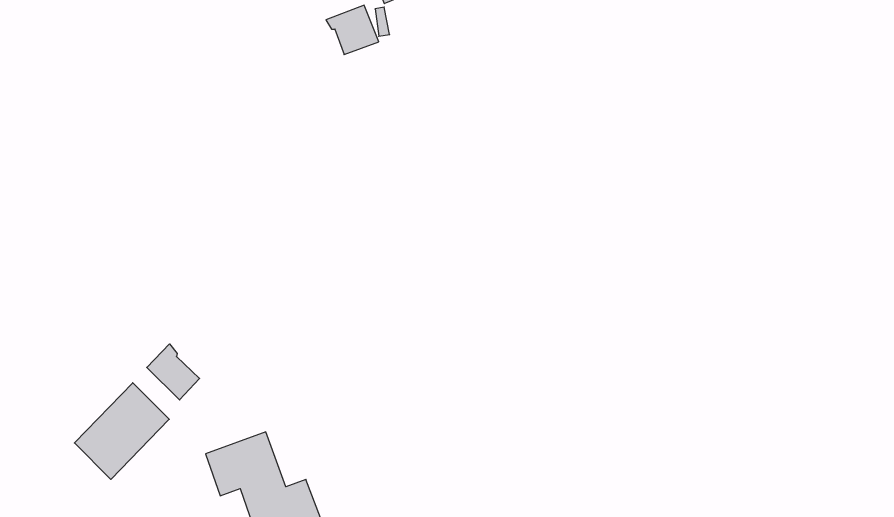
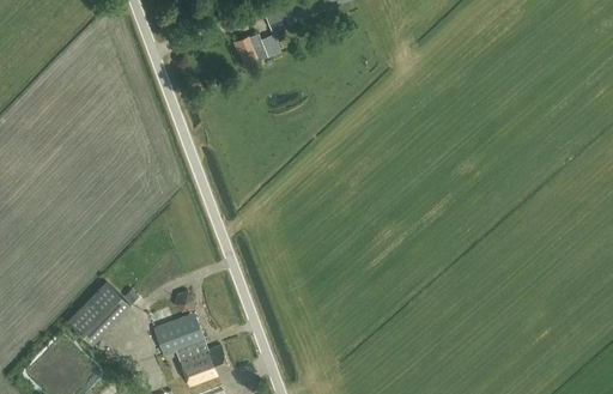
building: [147,344,200,400] -> none

